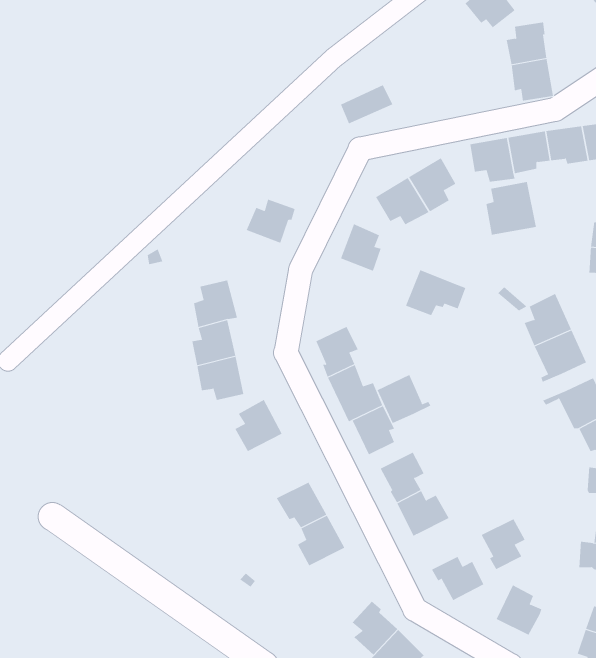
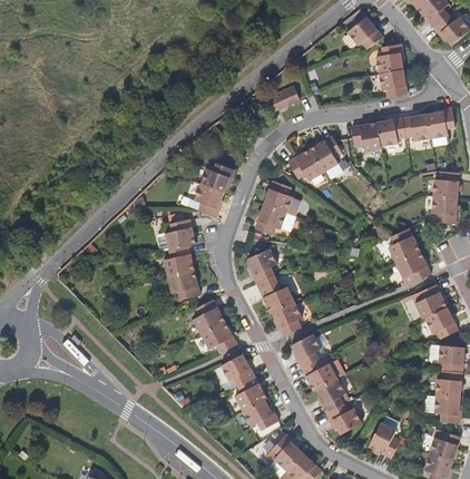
building: [486,181,537,235] -> none
building: none -> [192,184,224,217]
building: [405,270,466,316] -> [254,203,295,234]
building: [377,374,431,424] -> none
building: none -> [202,321,237,353]
building: [481,518,526,570] -> [315,378,345,412]
building: none -> [243,399,278,429]

